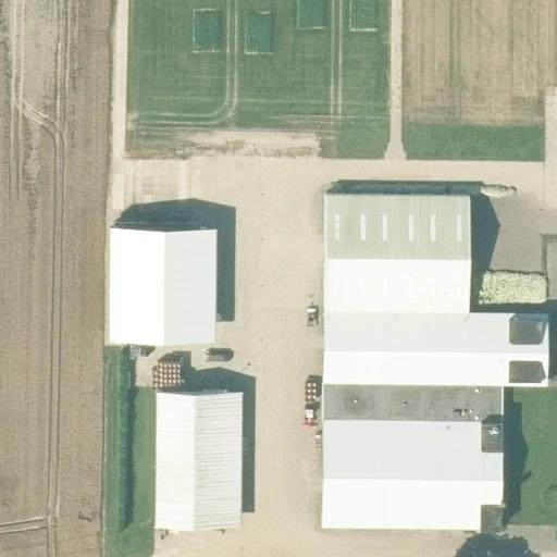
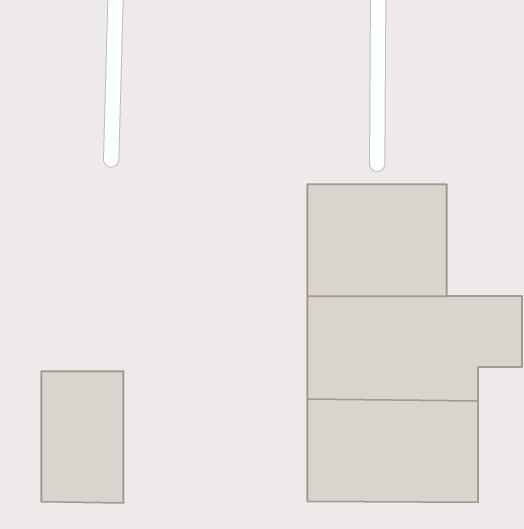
building: [109,226,216,339] -> none
building: [156,395,242,532] -> [41,371,124,503]

